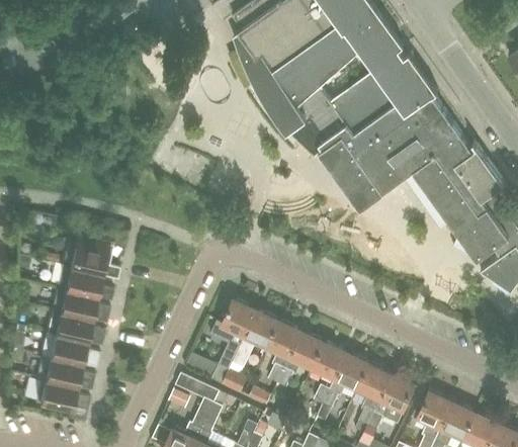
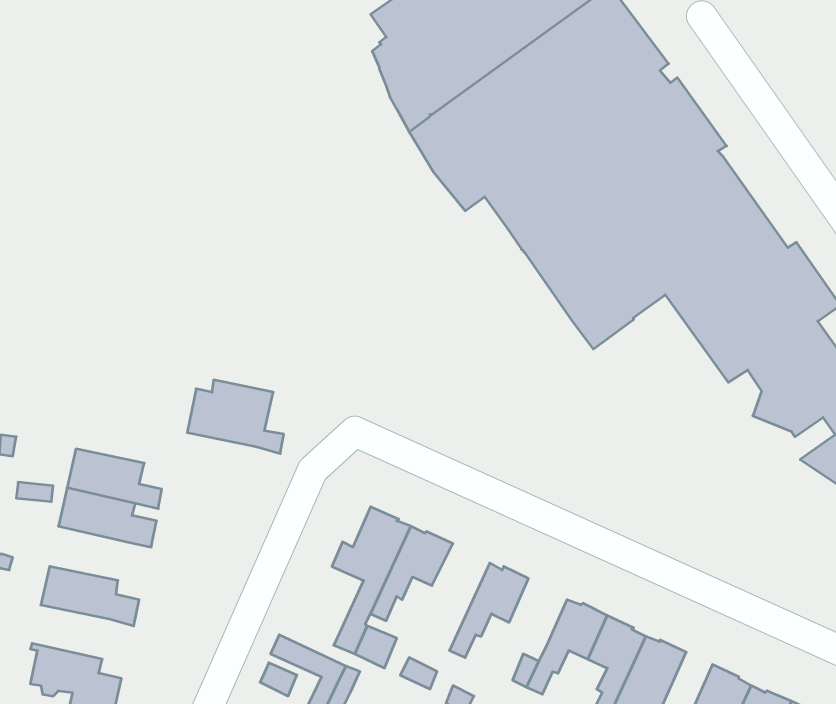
building: [62,237,117,279] -> [187,380,284,454]
building: [47,311,103,347] -> none
building: [267,322,300,383] -> none
building: [312,342,345,379] -> none
building: [36,357,93,391] -> none

